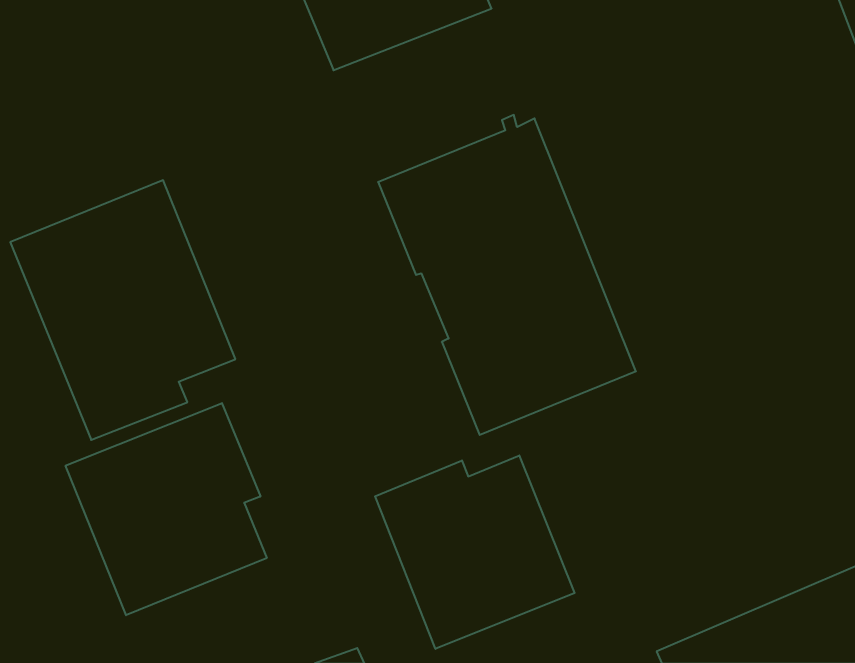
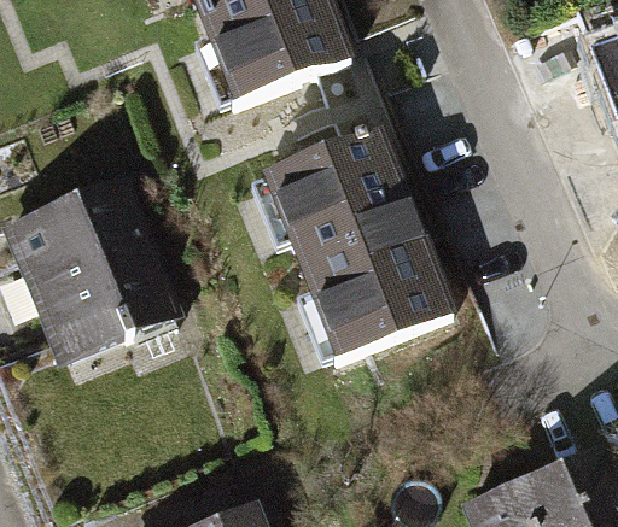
building: [66,403,267,615] -> none
building: [375,455,575,649] -> none

